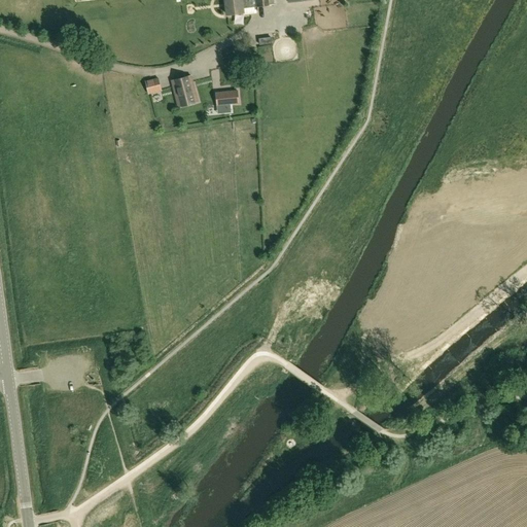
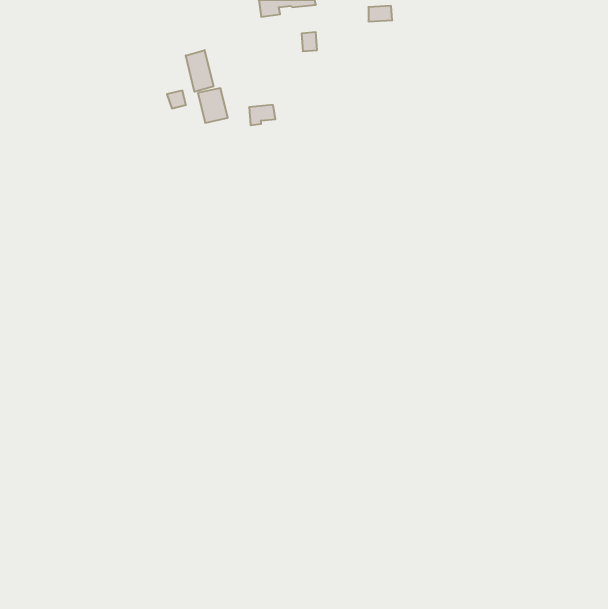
building: none -> [186,50,213,92]

